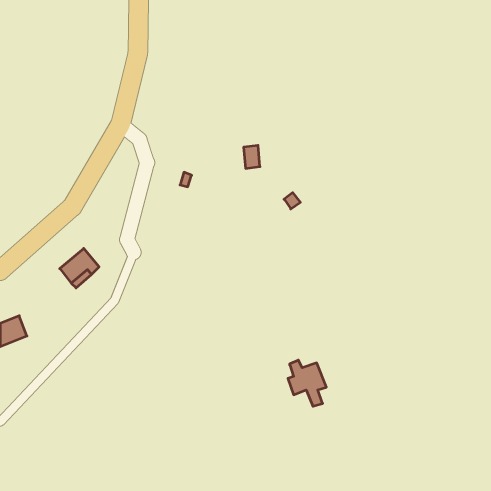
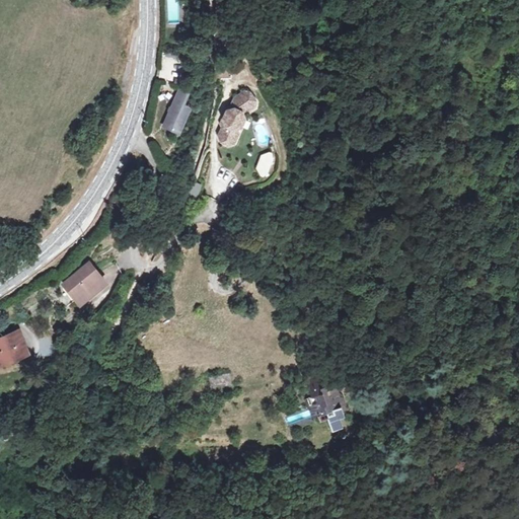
building: none -> [218,83,254,138]
building: none -> [158,98,184,141]

